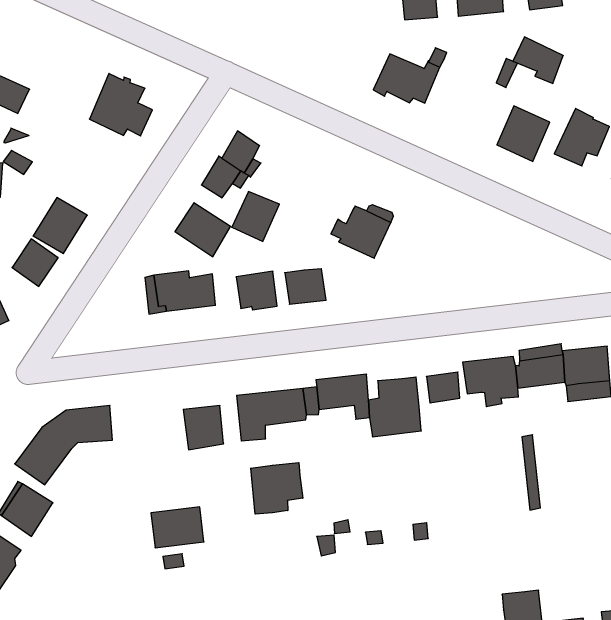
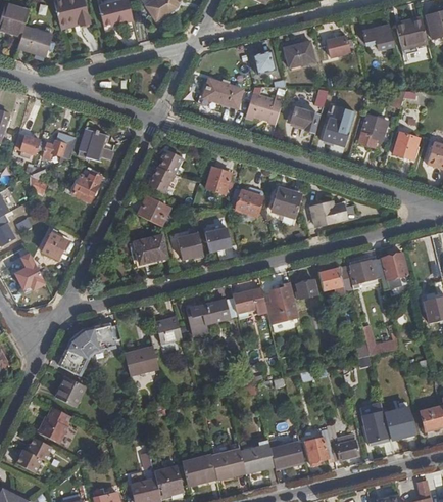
building: none -> [197,76,242,107]
building: [513,37,563,83] -> [290,105,319,131]
building: none -> [43,131,76,163]
building: [232,192,279,241] -> [204,166,231,194]
building: [33,198,87,254] -> [70,167,101,199]
building: none -> [273,185,301,217]
building: none -> [309,199,347,224]
building: [251,463,303,514] -> none
building: [151,507,204,548] -> [125,347,158,374]

